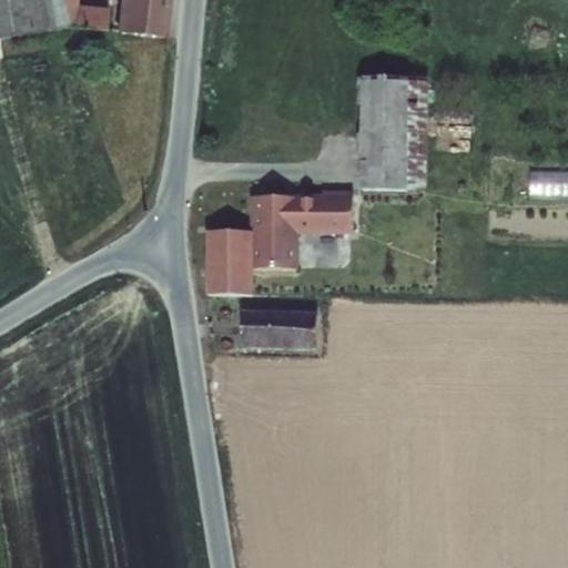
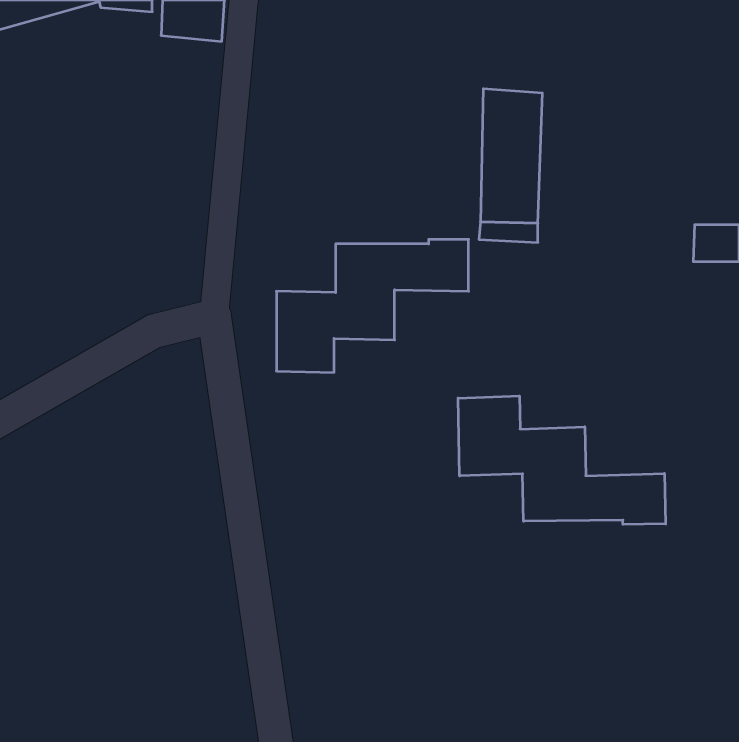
building: none -> [458,396,666,524]
building: [229,311,315,349] -> none

